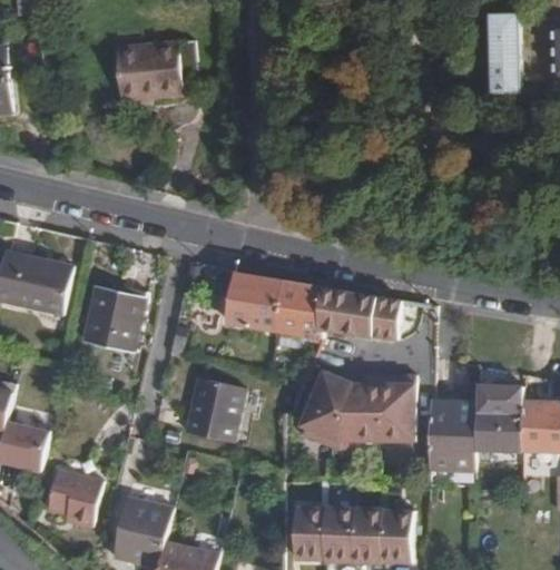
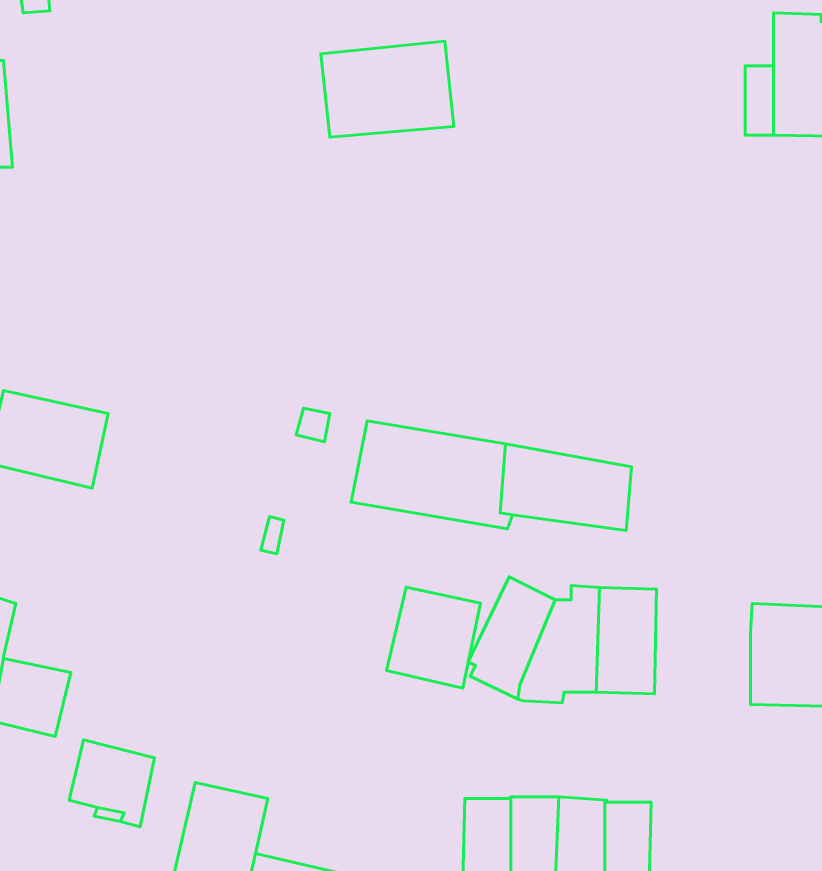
building: [115,39,198,99] -> [321,41,454,137]
building: [81,287,143,353] -> none
building: [183,380,242,443] -> [387,587,481,688]
building: [428,402,474,471] -> none

